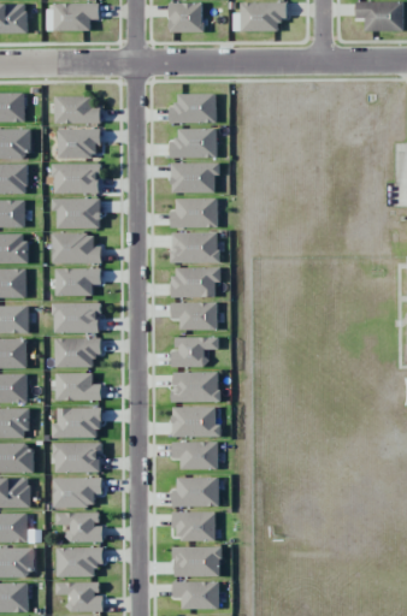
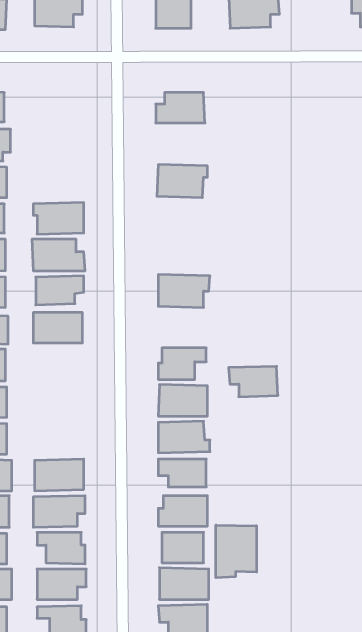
building: [54,96,101,124] -> none
building: [58,129,101,159] -> none
building: [170,129,217,159] -> none
building: [53,164,100,194] -> none
building: [170,199,218,227] -> none
building: [171,232,219,263] -> none
building: [171,302,218,331] -> [229,366,278,397]
building: [54,338,101,367] -> none
building: [55,373,101,401] -> none
building: [52,408,100,438] -> none
building: none -> [216,525,257,578]

